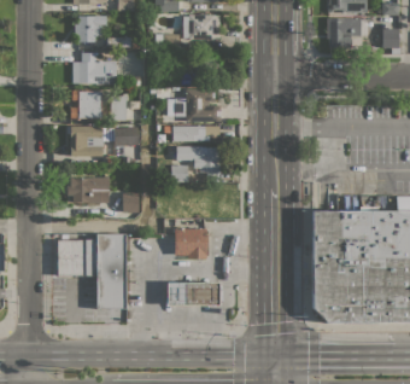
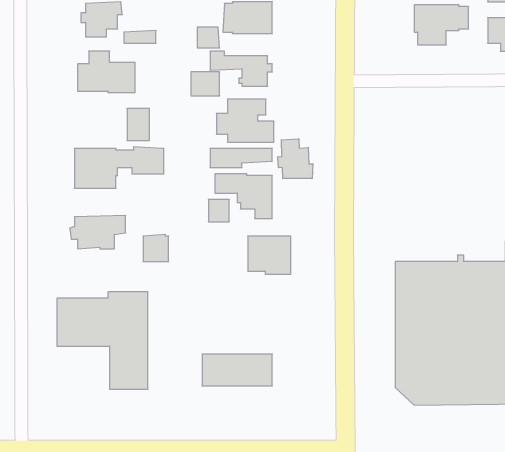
building: [70,89,102,120] -> none
building: none -> [278,139,313,179]
building: [174,228,206,257] -> [248,236,291,274]

